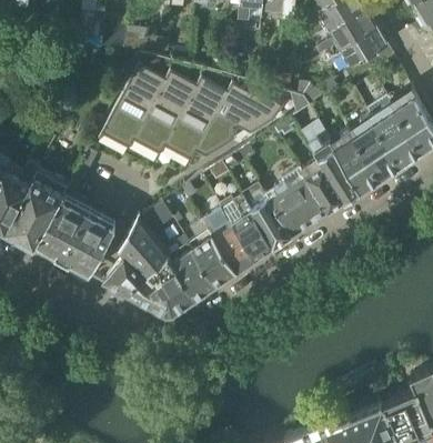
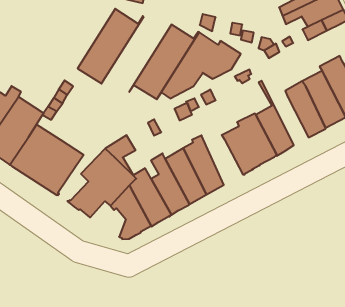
building: [129,72,200,155] -> none
building: [304,121,361,199] -> none
building: [243,191,292,249] -> none
building: [129,278,168,315] -> none

